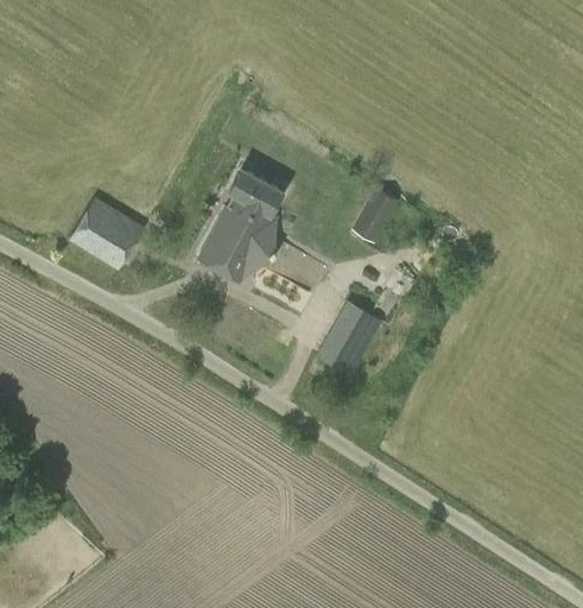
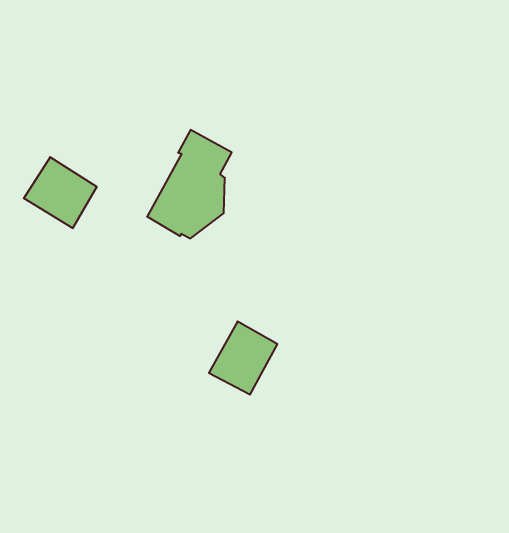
building: [351,189,397,242] -> none
building: [316,302,387,378] -> [209,321,277,395]

